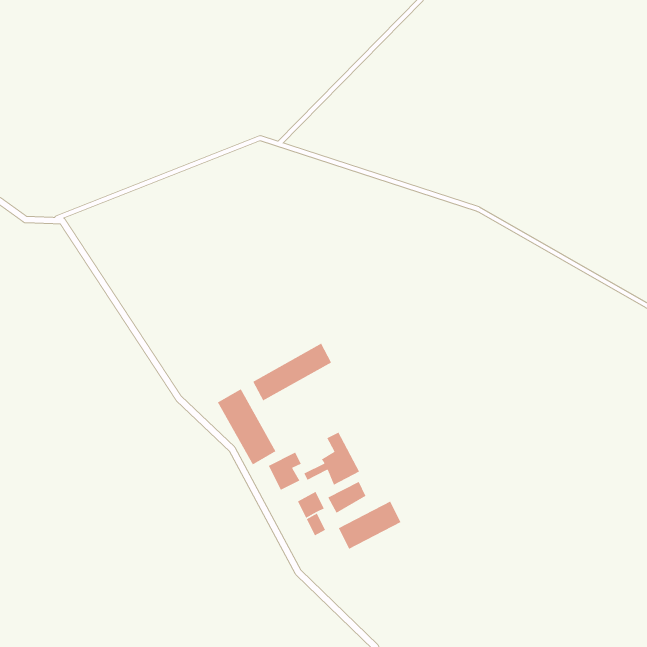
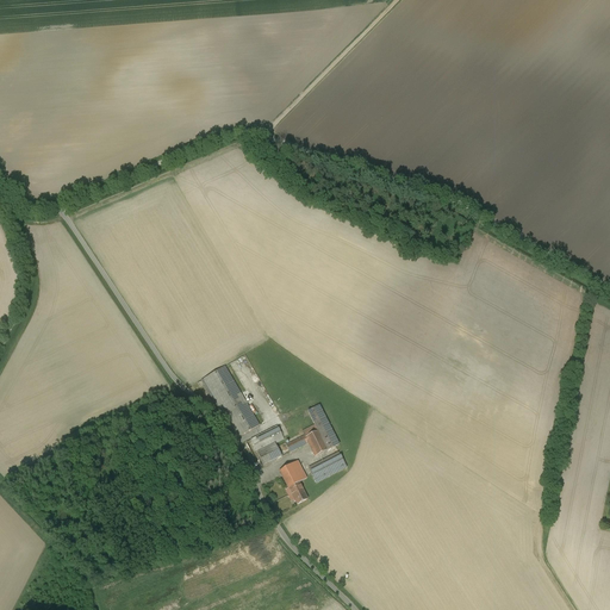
building: [252,343,332,402] -> none
building: [338,500,402,550] -> none

